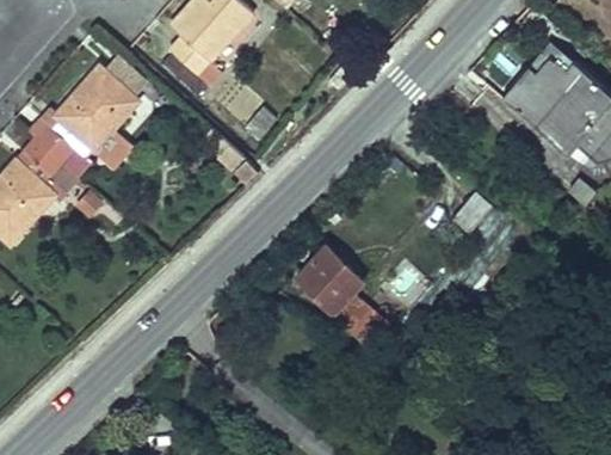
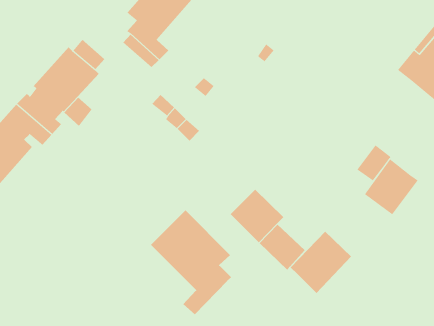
building: none -> [364,159,419,215]
building: none -> [150,210,232,315]
building: none -> [290,231,352,294]

